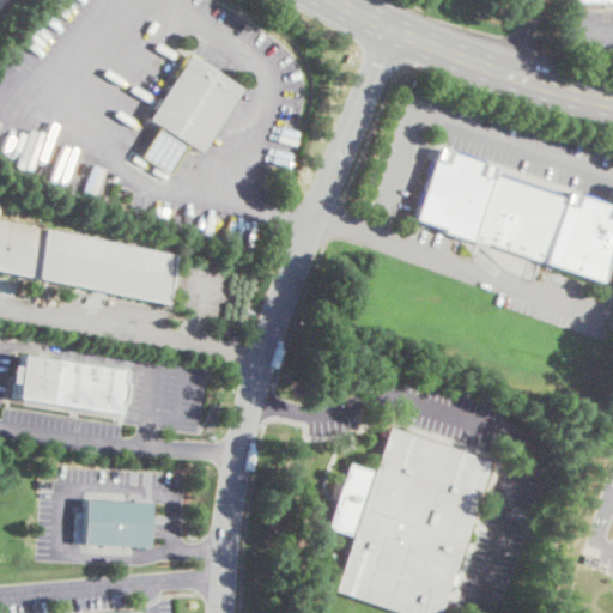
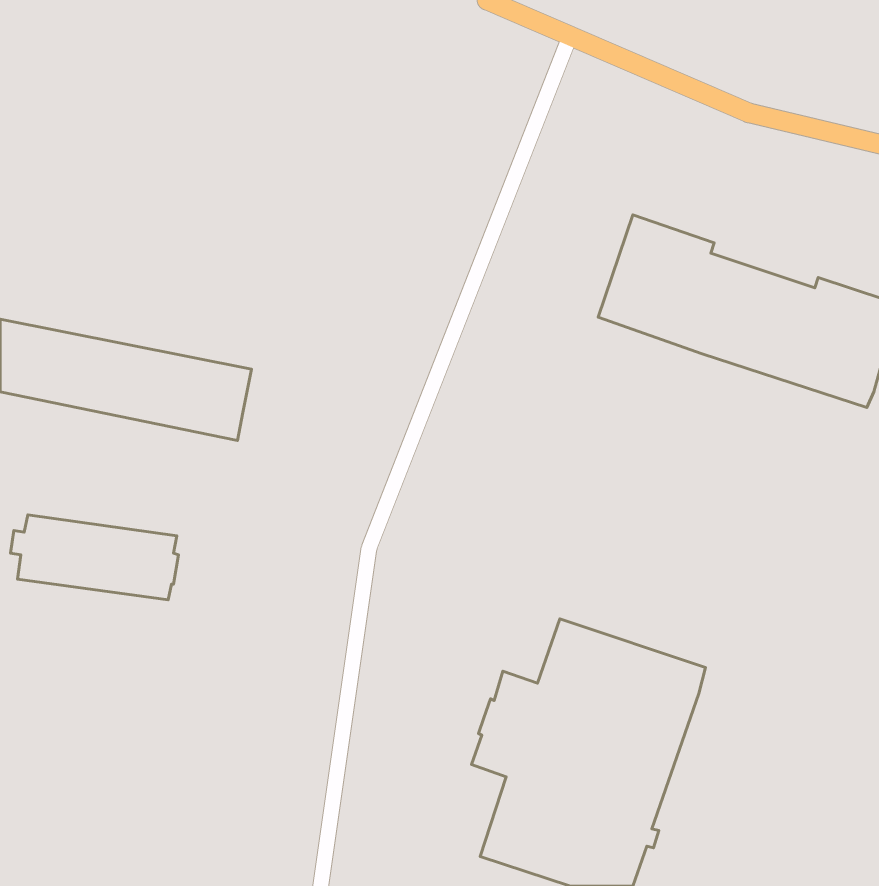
building: [142,56,242,175] -> none
building: [81,498,153,546] -> none

